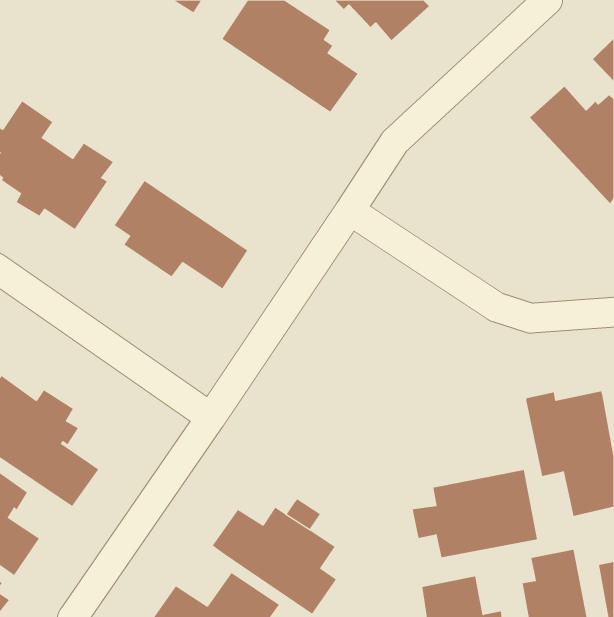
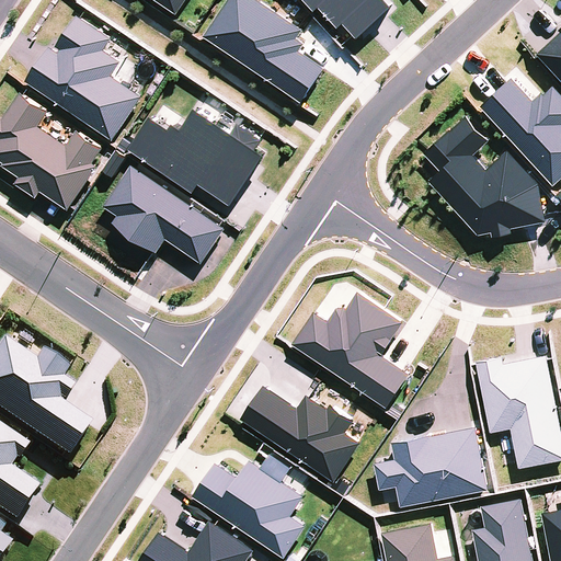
building: none -> [24,15,141,140]
building: none -> [128,108,265,205]
building: none -> [423,116,543,237]
building: none -> [291,291,408,408]
building: none -> [240,385,359,481]

